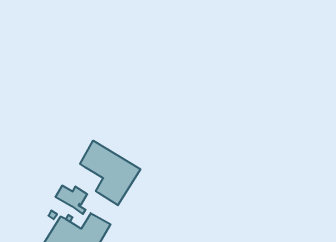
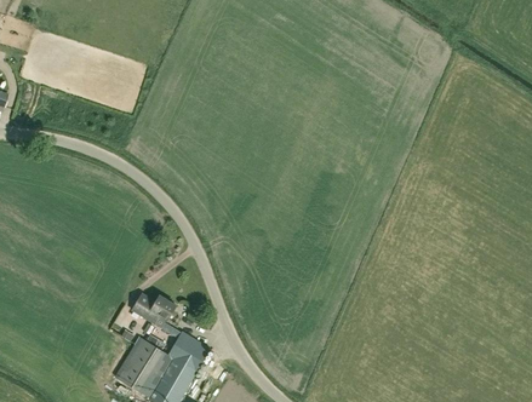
building: [80,141,140,205] -> none

